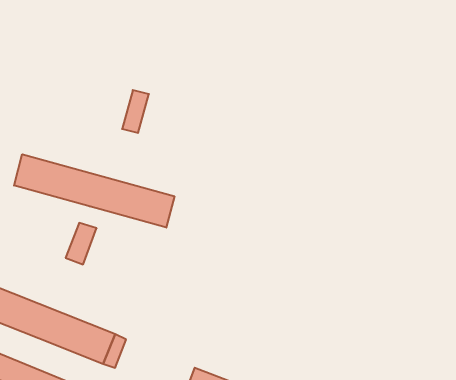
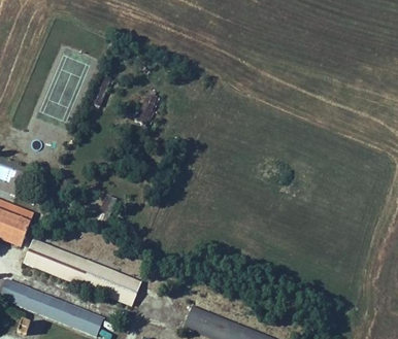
building: [14,154,174,228] -> none

